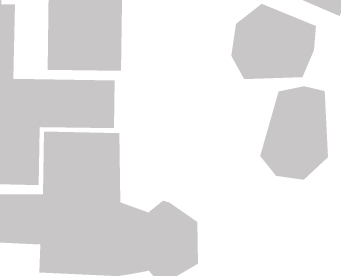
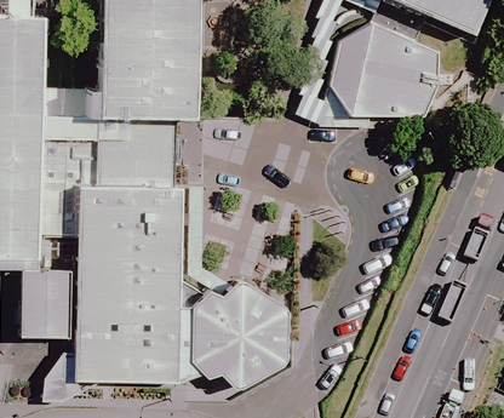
building: [260,85,329,181] -> none

